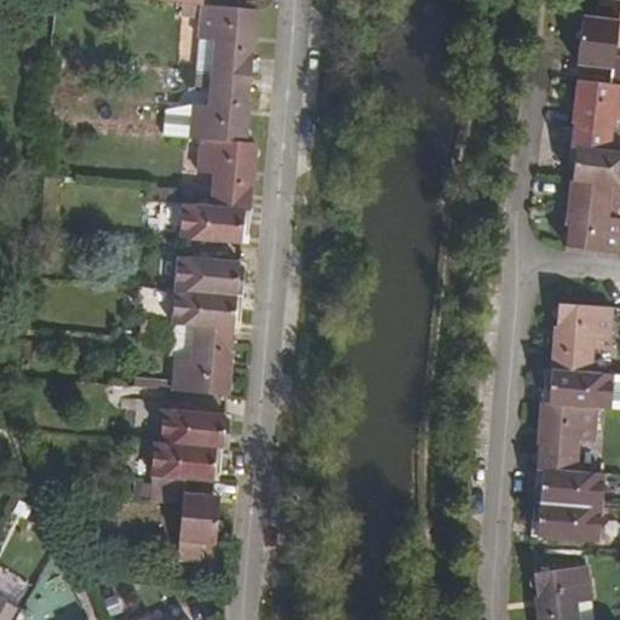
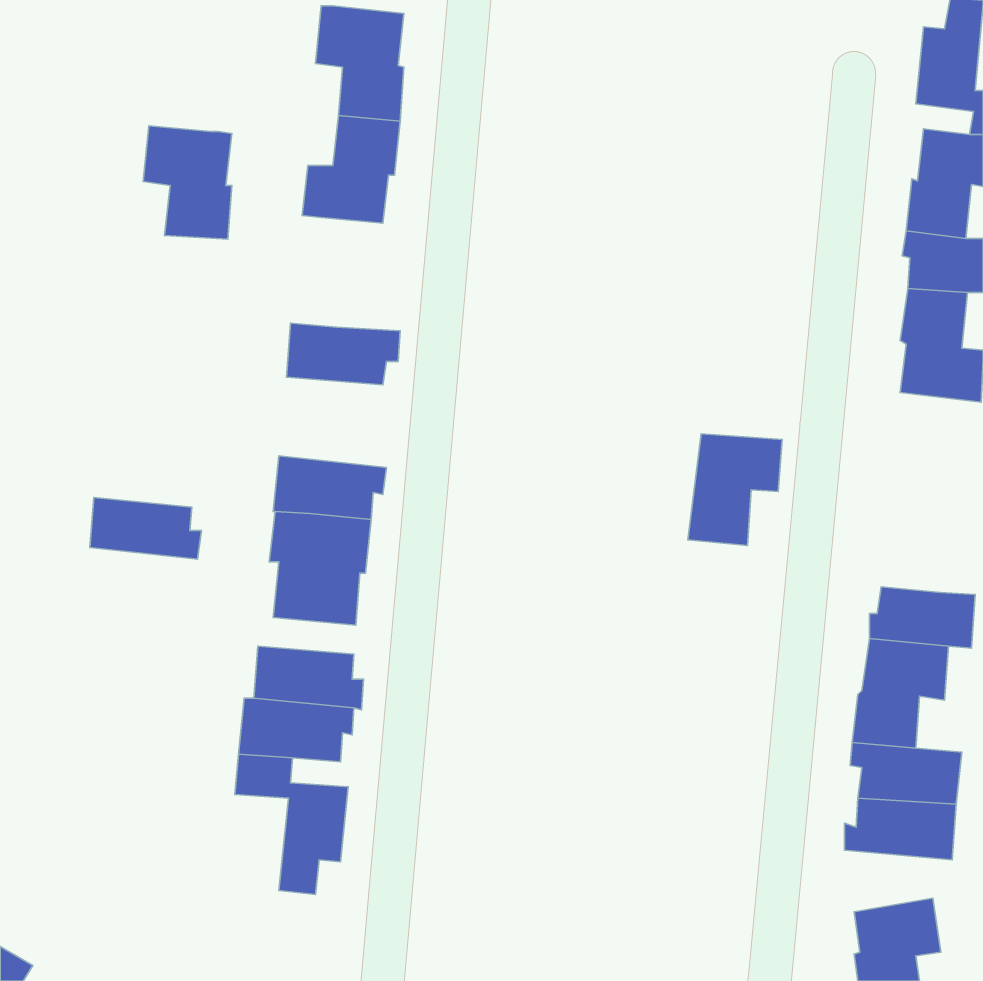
building: [199,137,254,208] -> [143,126,232,239]
building: [176,256,246,294] -> [90,498,201,559]
building: [555,303,614,373] -> [688,434,782,545]

